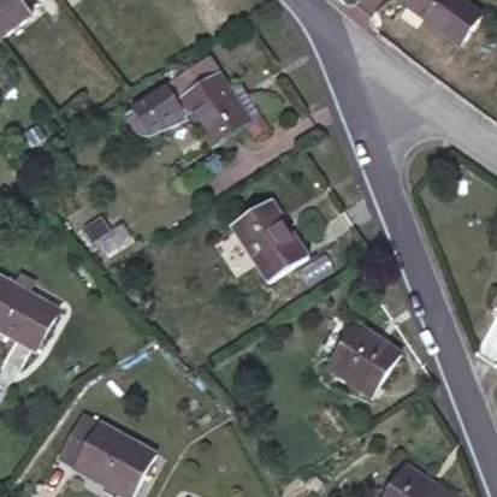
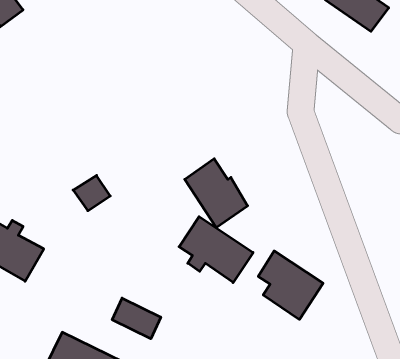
building: [124,55,266,147] -> none
building: none -> [179,217,253,283]
building: none -> [112,298,161,339]

